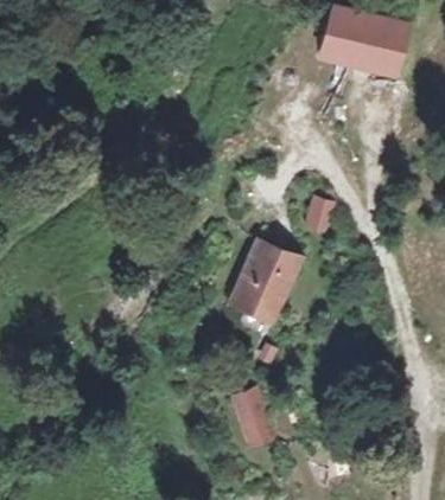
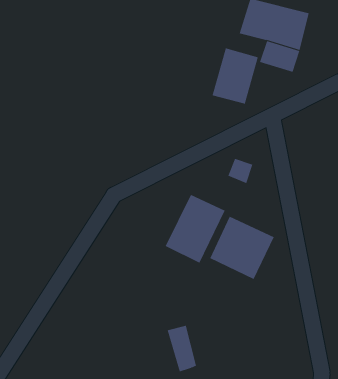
building: none -> [212,47,258,105]
building: none -> [210,216,274,280]

